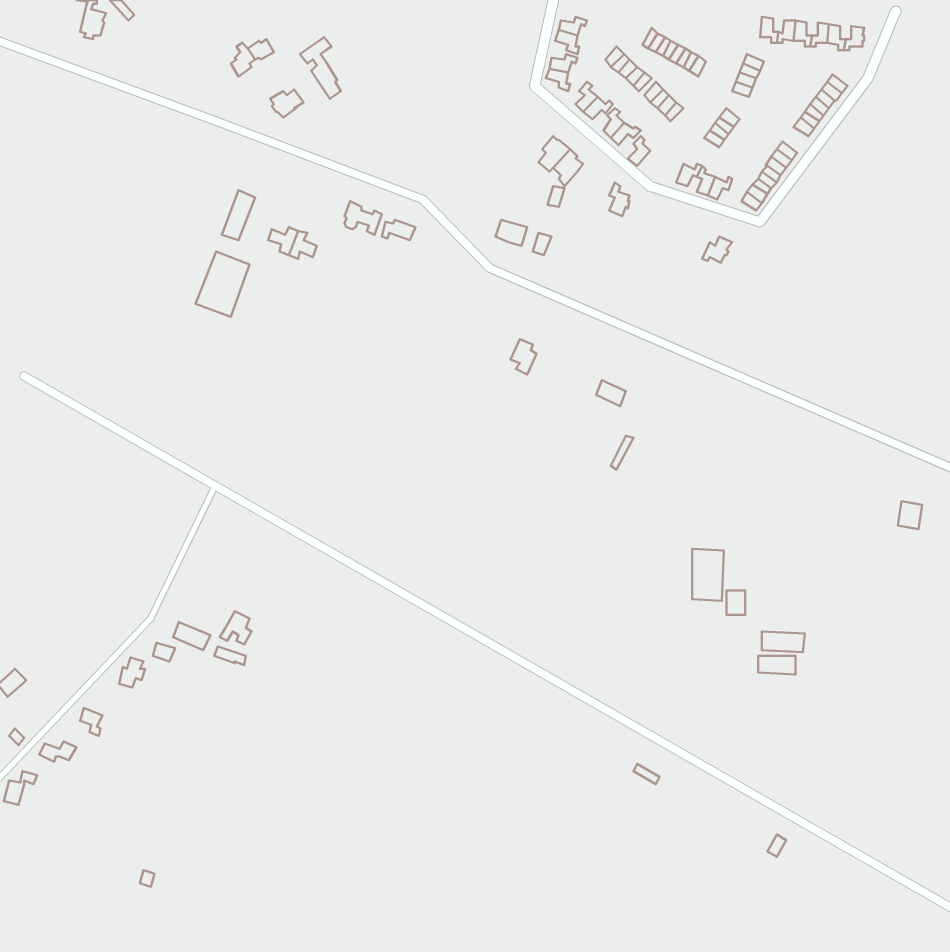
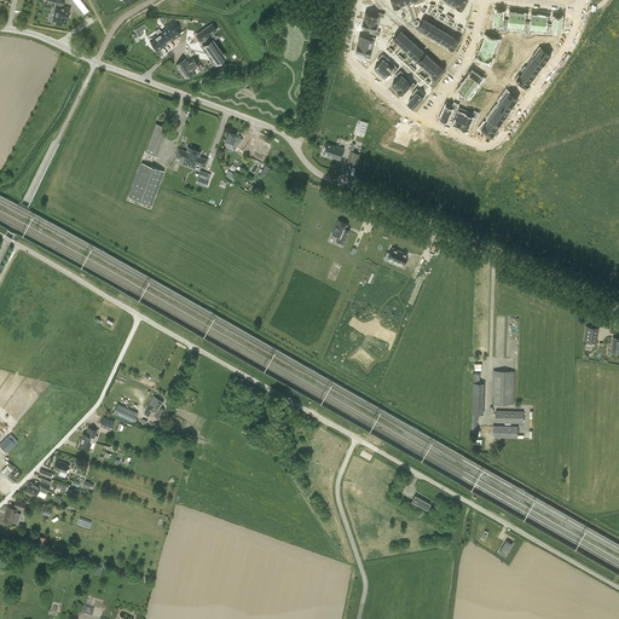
building: [692,549,724,601] -> [492,370,513,404]

